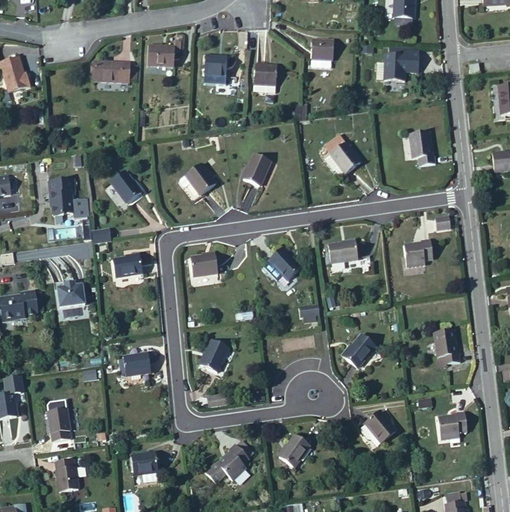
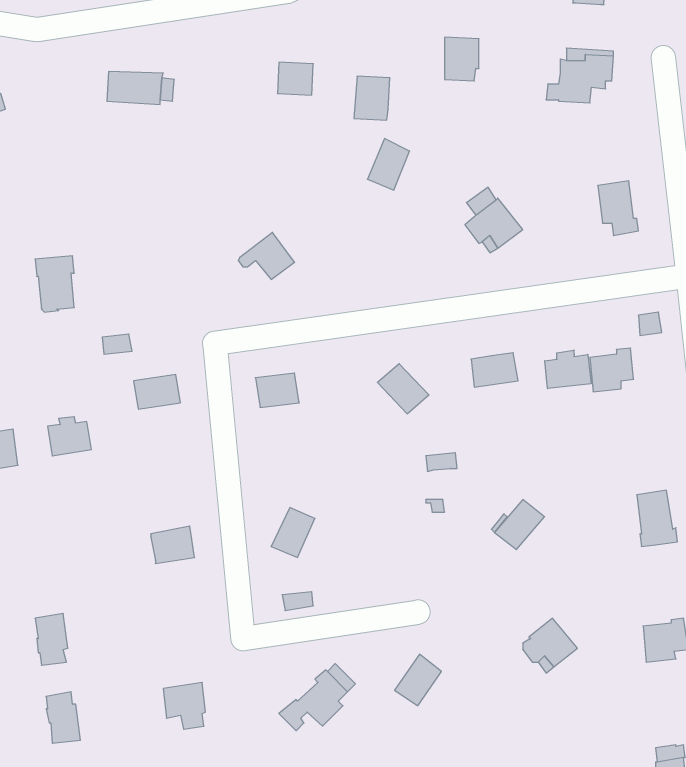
building: [148,45,175,66] -> none
building: [243,153,270,186] -> [367,139,410,190]
building: [110,170,141,203] -> none
building: none -> [545,350,591,389]

